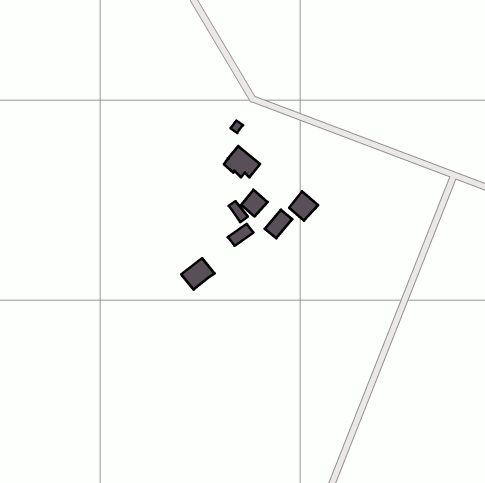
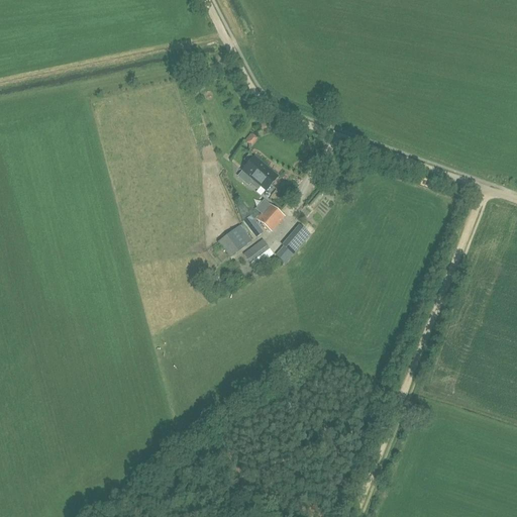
building: [289,191,318,221] -> none
building: [181,258,215,290] -> [217,223,252,256]

